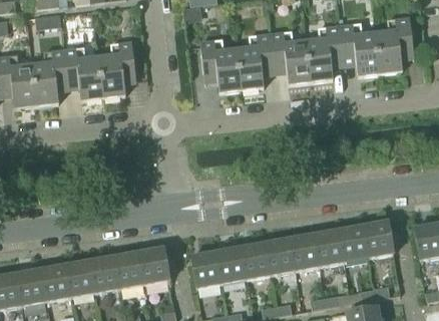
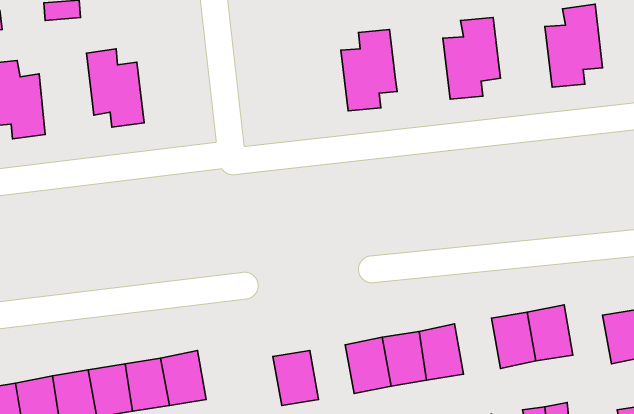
building: [339,22,379,75] -> none
building: [269,30,310,83] -> none
building: [199,38,241,91] -> none
building: [97,41,135,96] -> none
building: [31,49,68,104] -> none
building: [313,229,344,267] -> none
building: [138,247,168,284] -> none
building: [214,247,245,284] -> none

